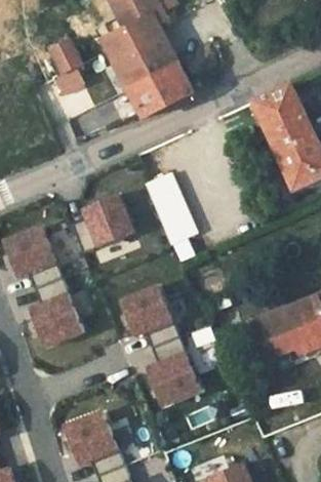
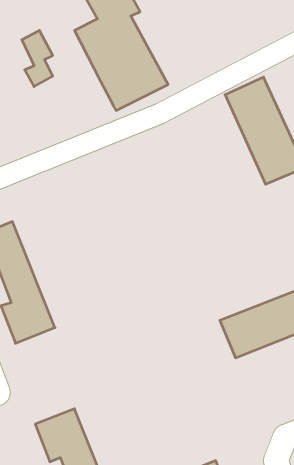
building: [145,174,196,262] -> none
building: [72,196,130,253] -> none
building: [120,286,201,406] -> none

